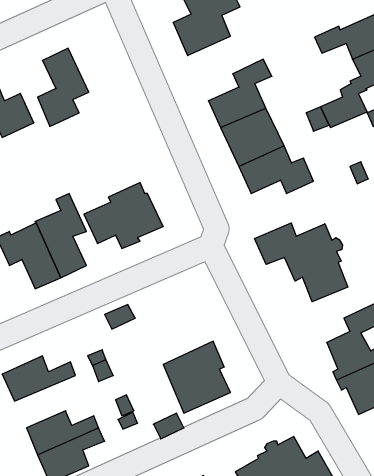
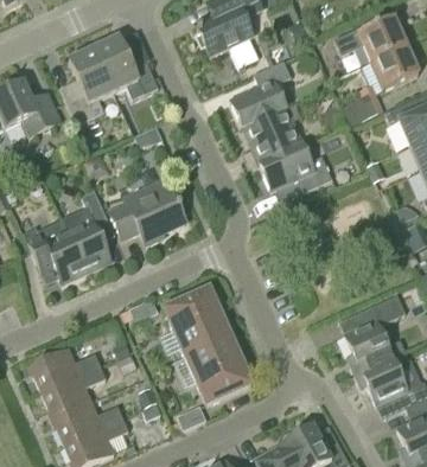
building: none -> [93,37,158,98]
building: [254,223,348,302] -> none
building: none -> [164,288,234,356]
building: none -> [40,366,106,417]

